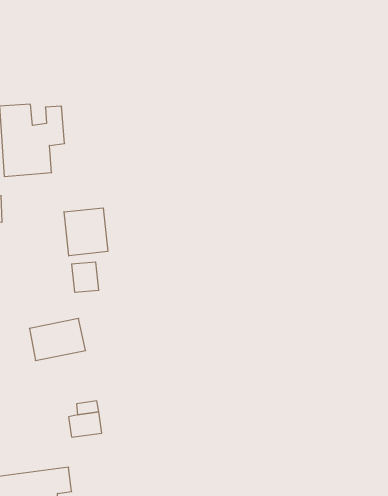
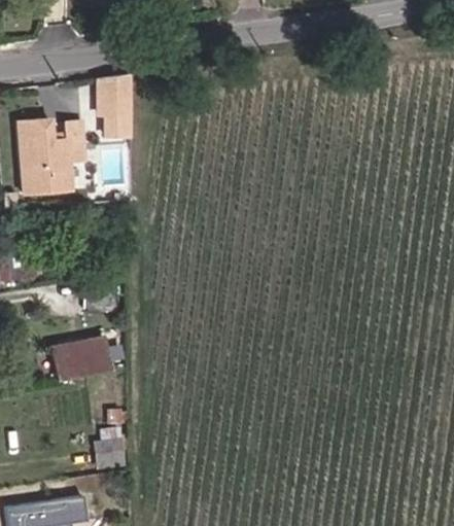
building: none -> [105,72,138,136]
building: [64,208,108,256] -> none

